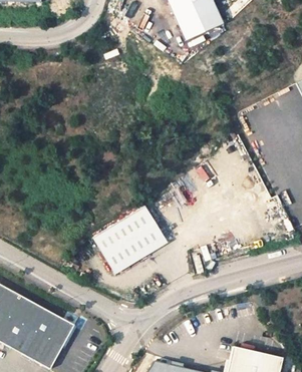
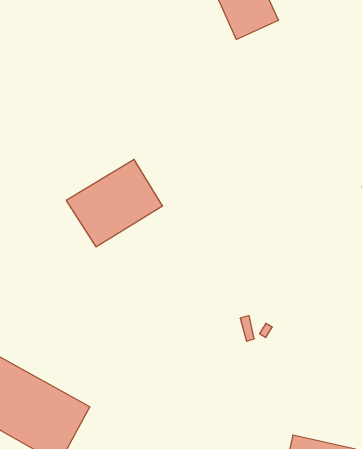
building: [91,206,167,274] -> [66,159,163,247]

